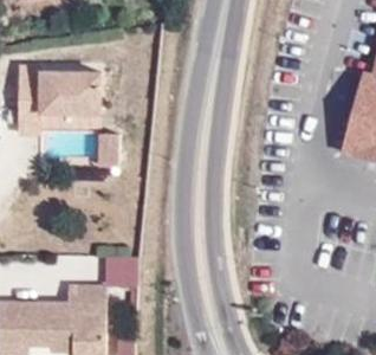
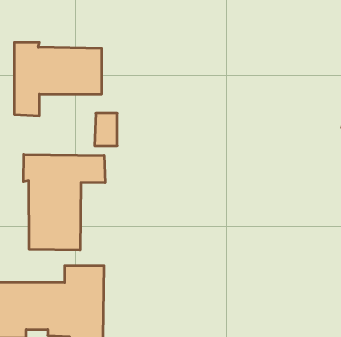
building: none -> [23,154,105,250]

